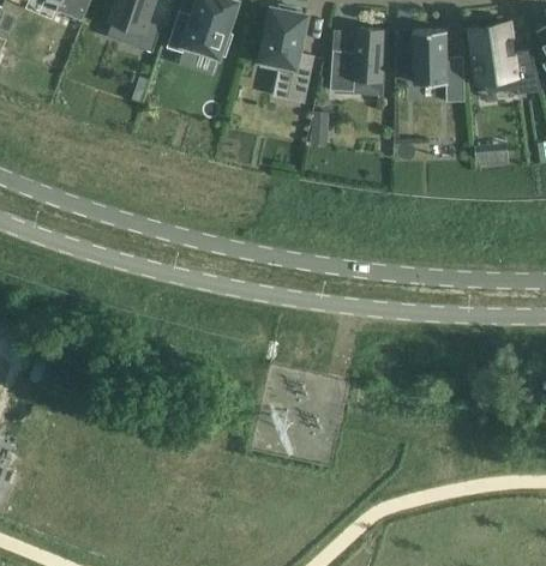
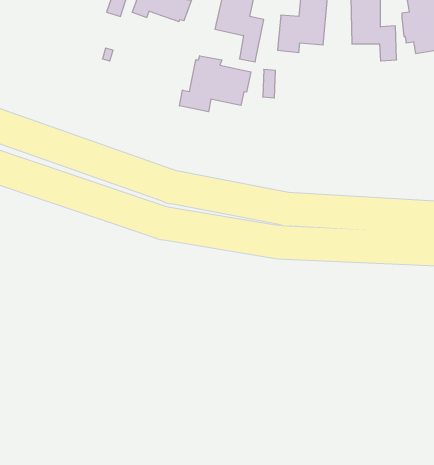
building: none -> [179,56,251,112]

